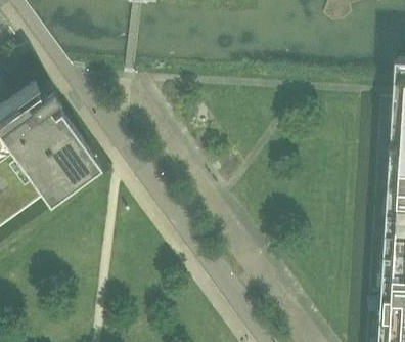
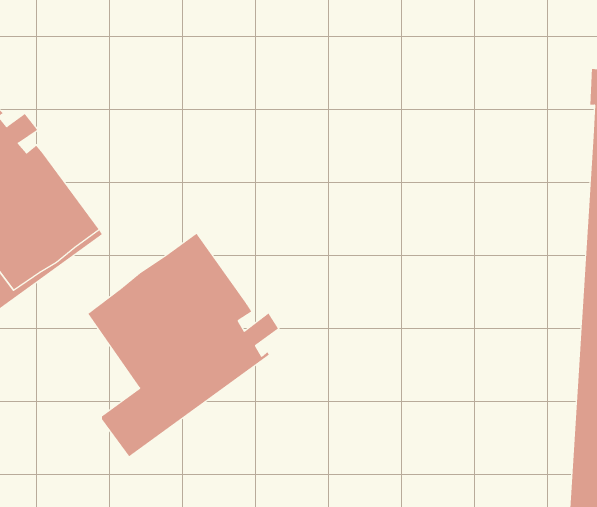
building: none -> [88,233,279,457]

